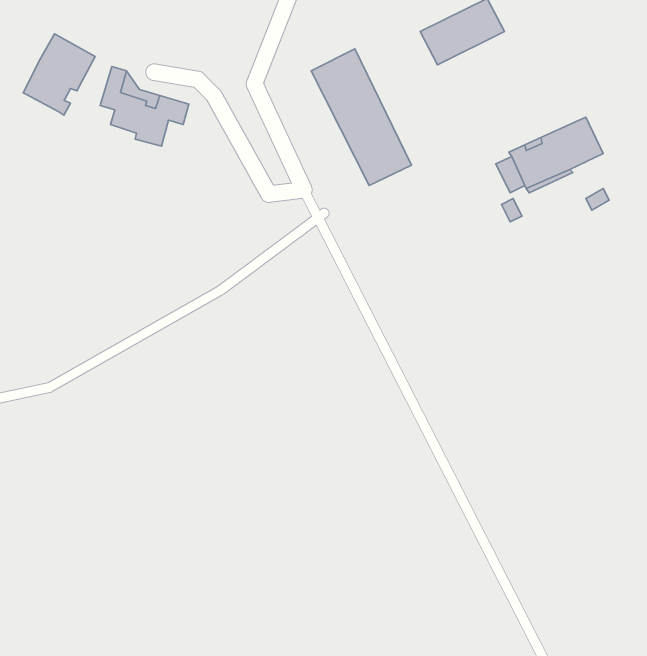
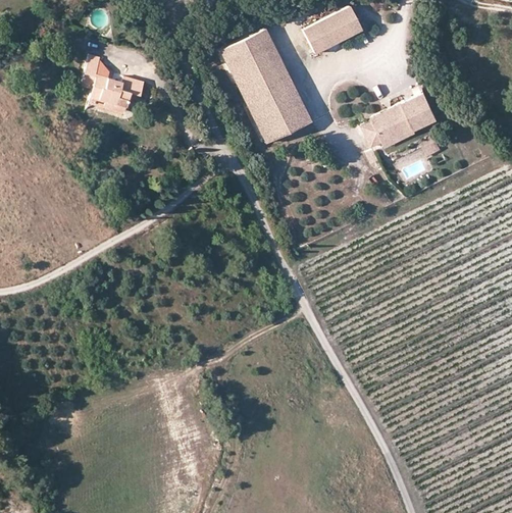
building: none -> [225,32,309,126]
building: [23,34,95,115] -> none

